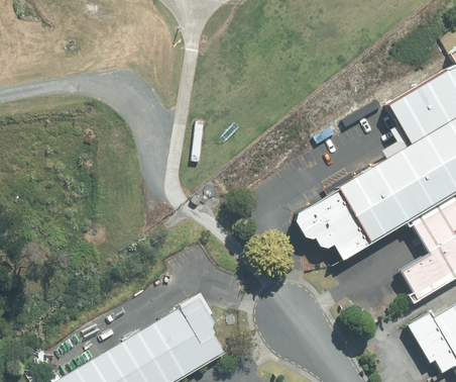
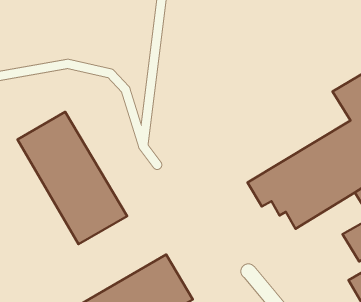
building: none -> [18,112,127,244]

